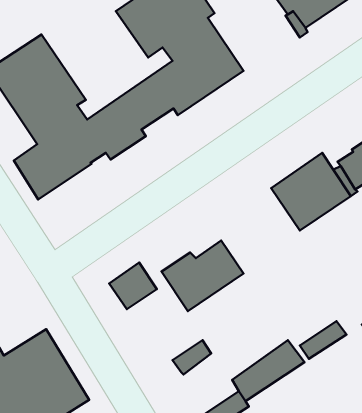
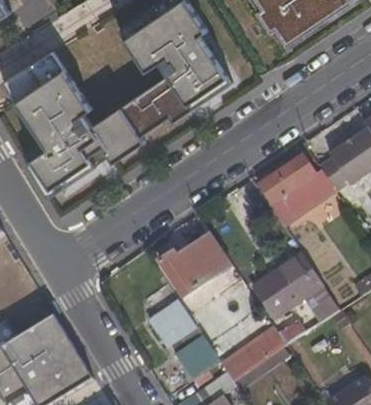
building: none -> [254,254,322,317]
building: [109,263,157,309] -> [152,301,195,343]
building: none -> [178,337,220,380]

